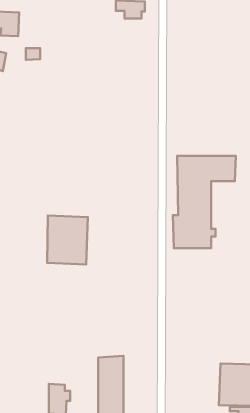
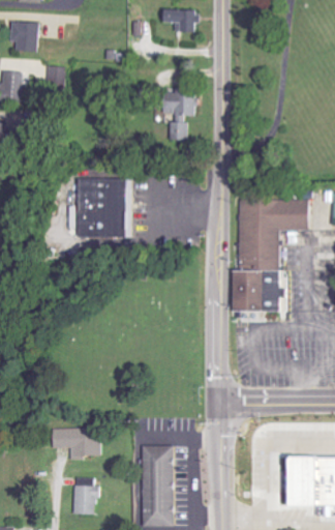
building: none -> [159,88,192,141]
building: [47,215,88,265] -> [73,178,123,238]
building: none -> [56,428,105,458]

